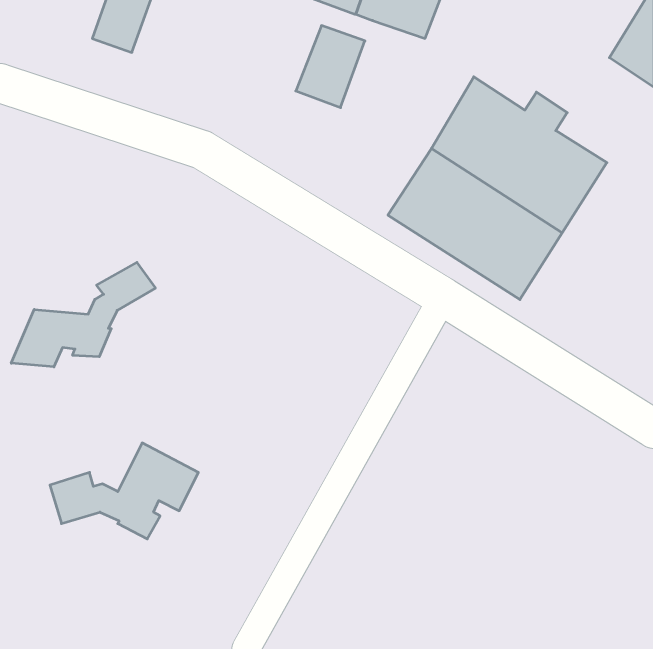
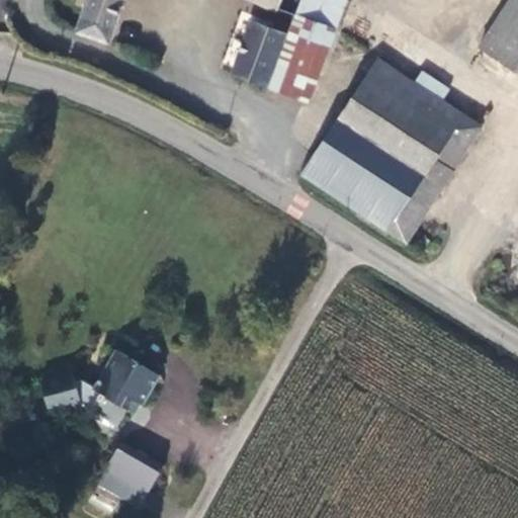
building: none -> [270,16,337,99]
building: [11,262,155,367] -> none
building: none -> [103,443,159,494]

